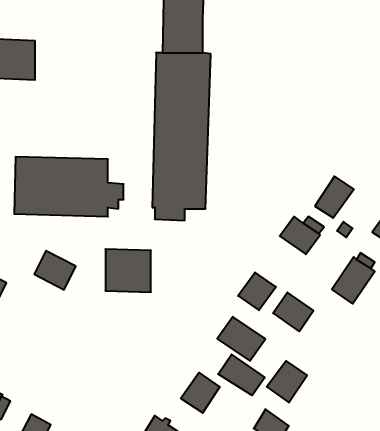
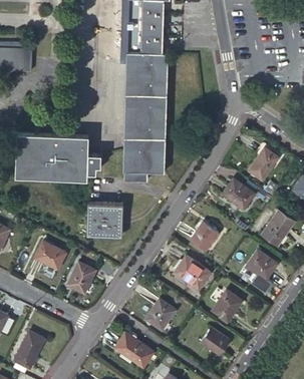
building: [34,251,76,290] -> [34,239,66,269]
building: [273,292,313,331] -> [246,250,277,280]
building: none -> [66,262,96,294]
building: [218,354,265,395] -> none

